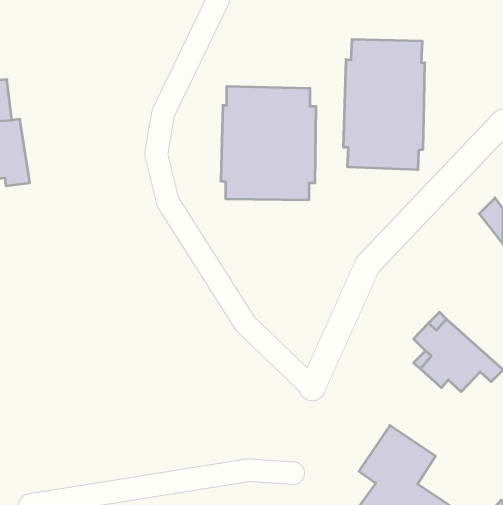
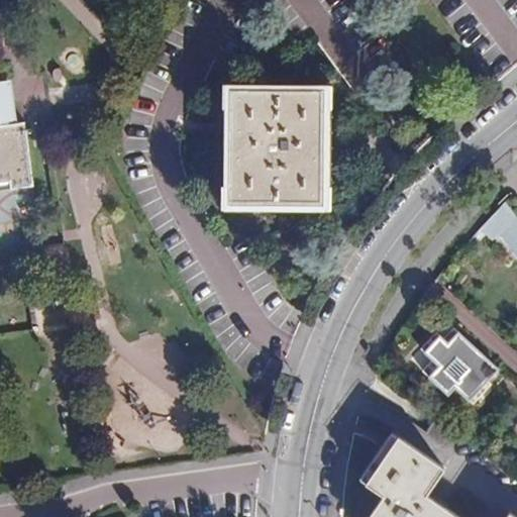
building: [343,39,425,170] -> none

